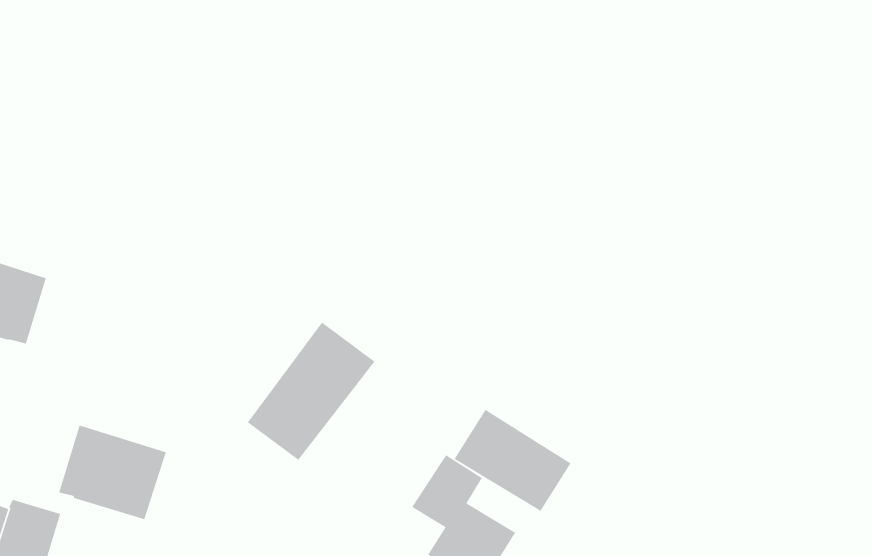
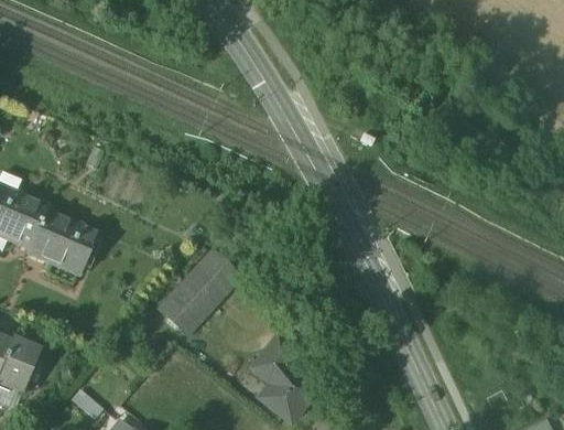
building: [454,409,572,512] -> none
building: [58,417,167,520] -> [28,206,96,272]

